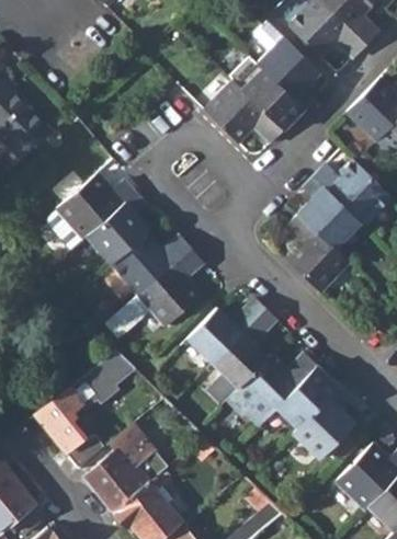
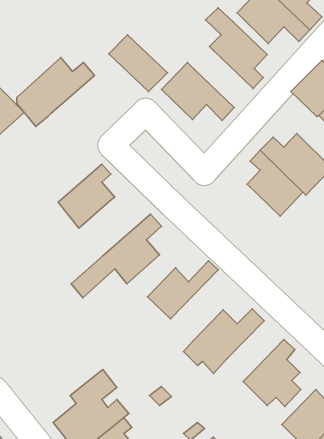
building: [240,68,305,130] -> [109,35,167,92]
building: [53,173,138,249] -> [17,58,95,126]
building: [285,215,349,294] -> none
building: [113,231,192,294] -> none
building: [214,309,277,387] -> none
building: [33,349,133,468] -> none
building: [276,365,339,427] -> none

